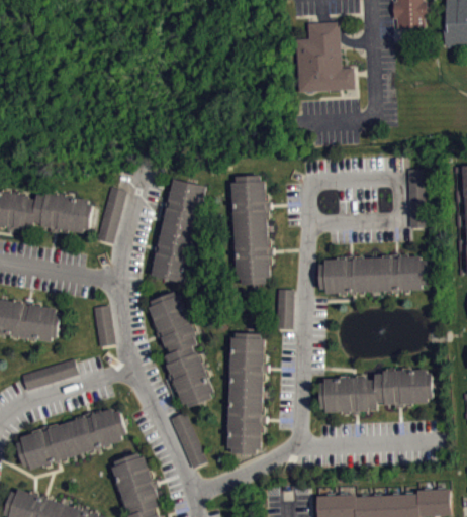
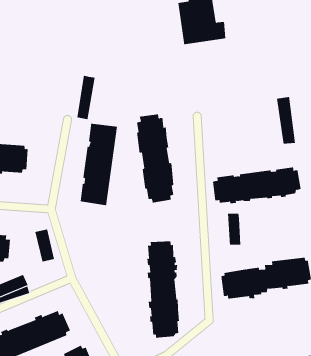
building: [97,187,125,242] -> [76,75,96,120]
building: [276,288,292,328] -> [227,213,241,245]
building: [149,291,214,407] -> none
building: [169,411,206,467] -> none

